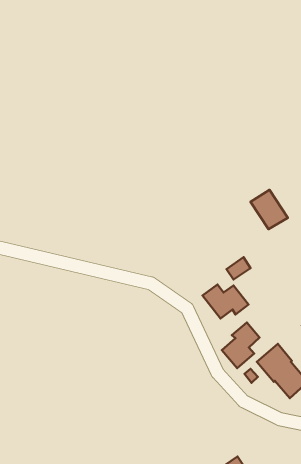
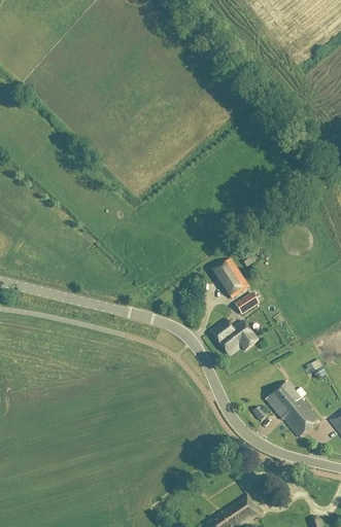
building: [250,190,288,229] -> [210,257,248,297]
building: [222,322,260,368] -> none

